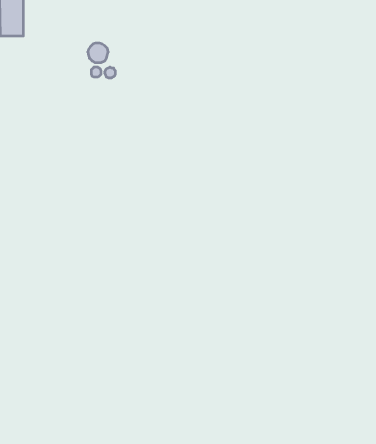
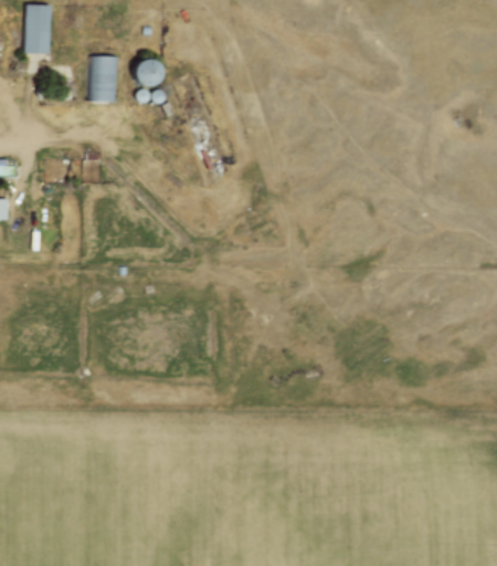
building: none -> [91,60,119,101]

